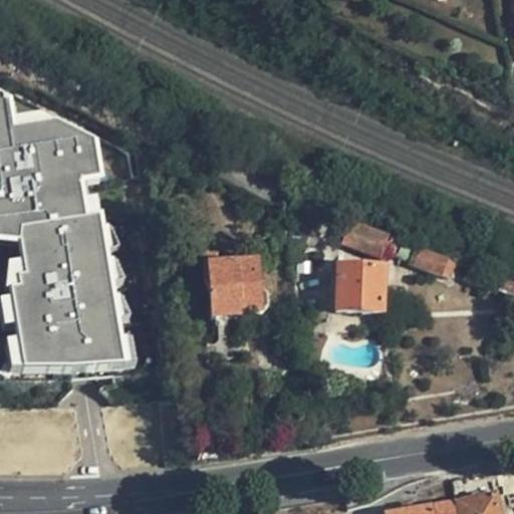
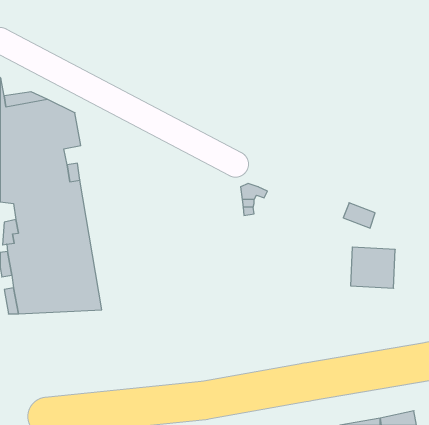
building: [343,216,390,254] -> none
building: [208,257,271,315] -> none
building: [336,261,390,310] -> [351,247,395,288]

